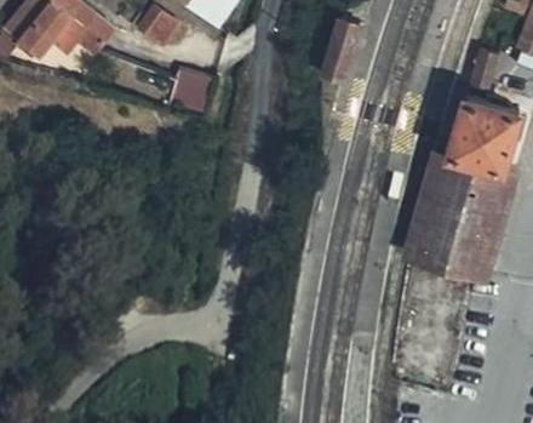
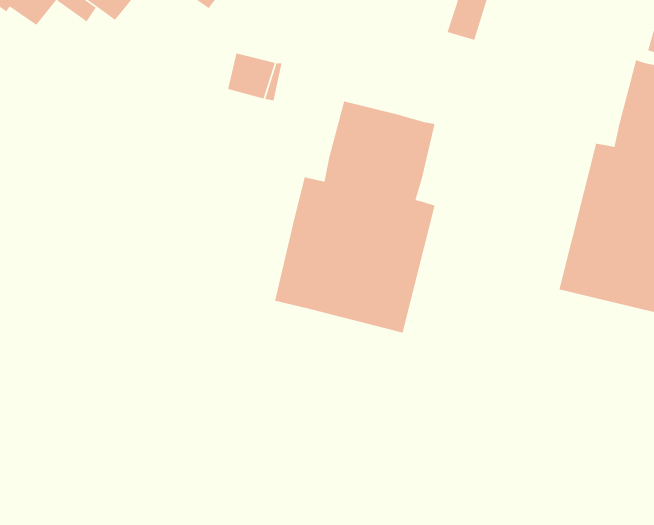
building: none -> [274,100,435,334]

